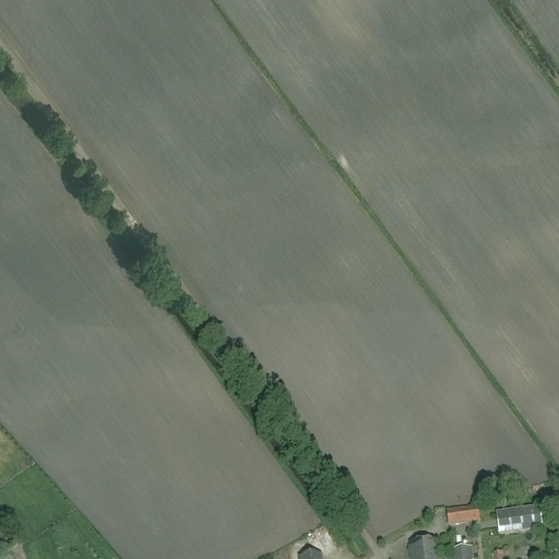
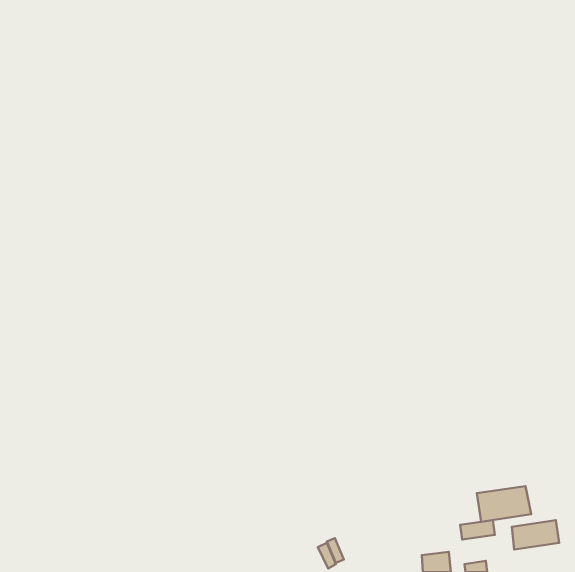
building: none -> [477,486,531,522]

